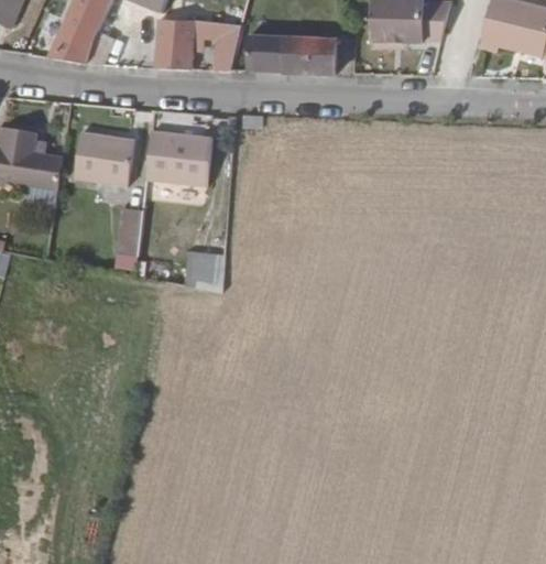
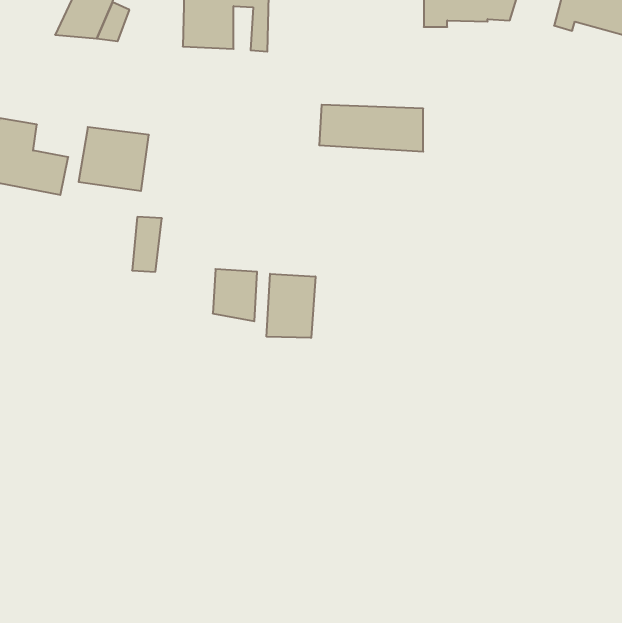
building: [249,34,337,74] -> [319,105,423,152]
building: [145,131,211,184] -> none
building: none -> [267,274,315,338]

